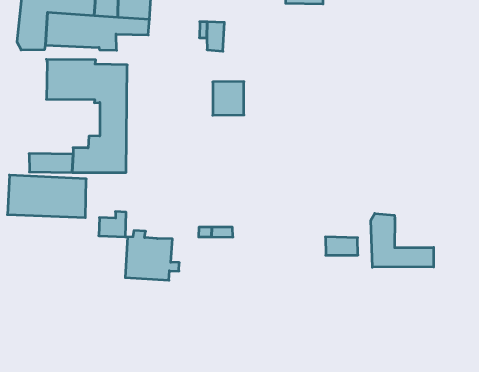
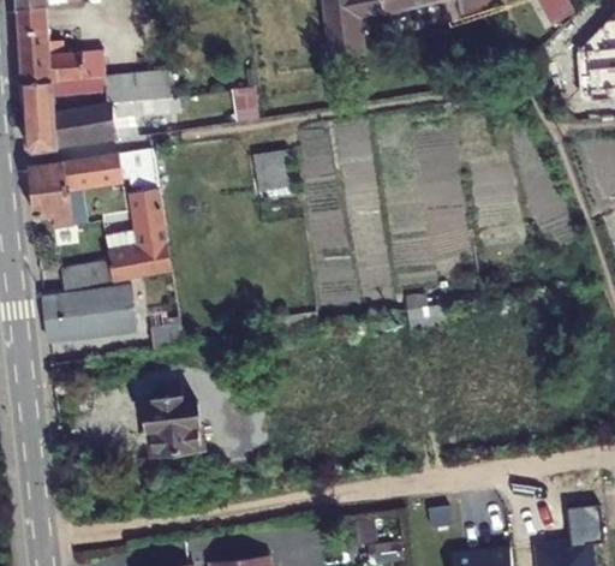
building: none -> [28,161,71,225]
building: [371,213,434,267] -> none
building: [125,231,179,280] -> [148,397,211,452]

